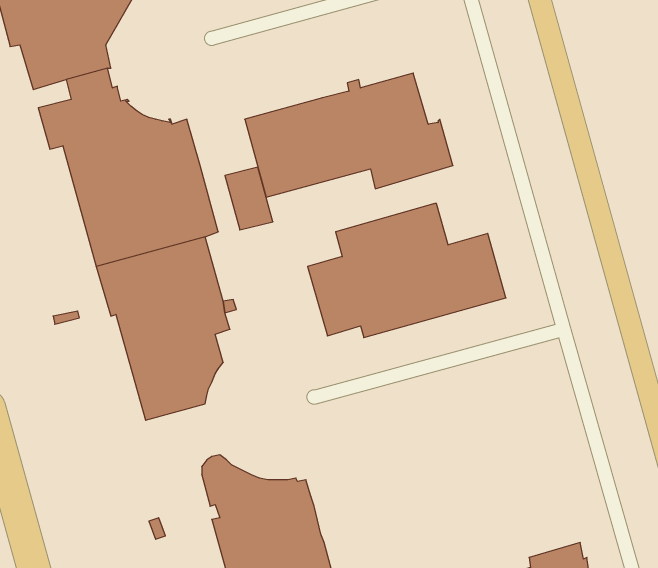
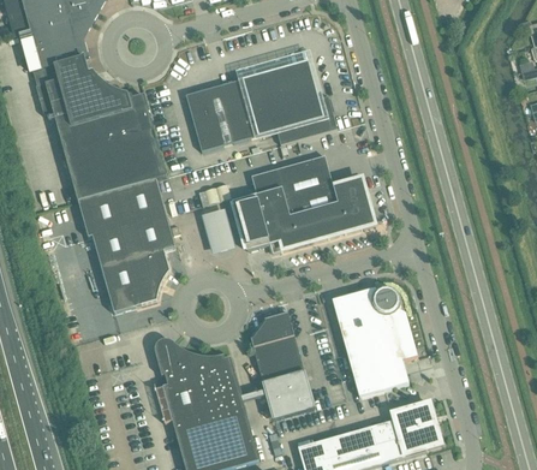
building: [225,167,273,230] -> [199,204,234,250]
building: none -> [332,286,417,395]
building: none -> [240,311,312,412]

